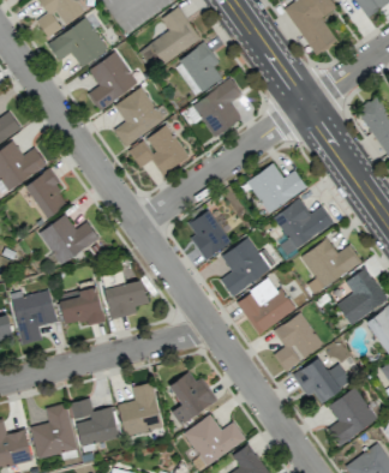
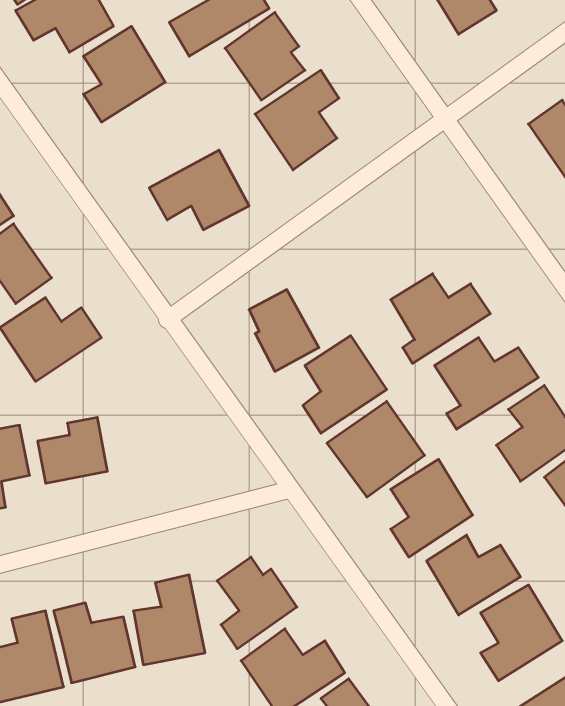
building: [114,88,164,148] -> none
building: [247,163,307,215] -> none
building: [103,279,149,319] -> none

